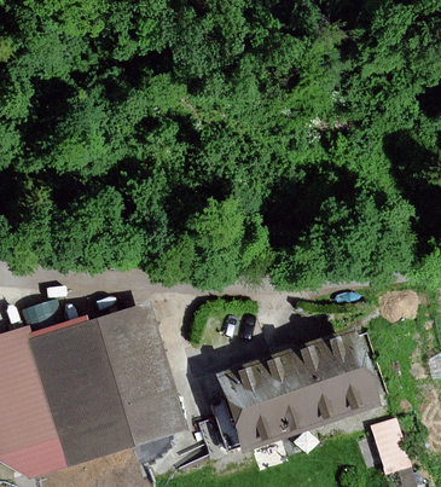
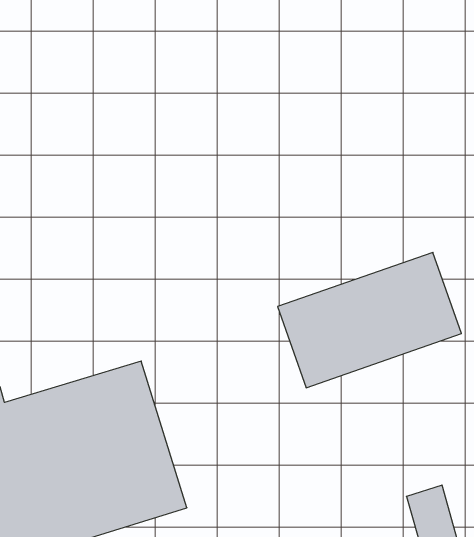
building: [220,332,376,447] -> [278,252,461,388]

